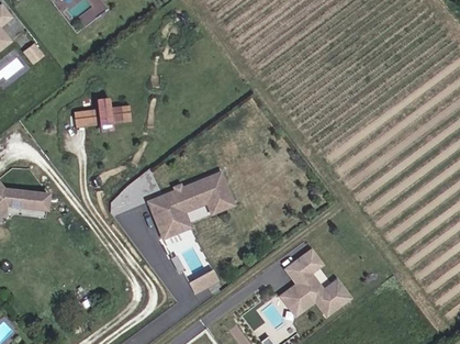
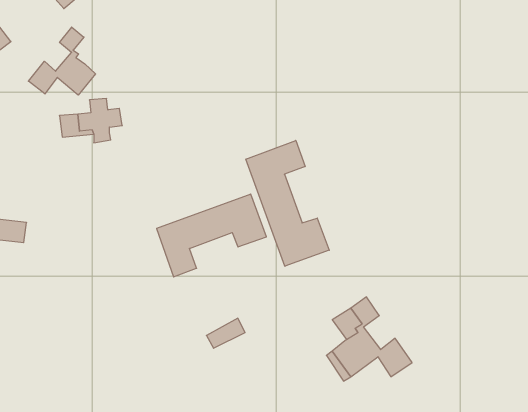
building: none -> [28,27,96,95]
building: none -> [246,140,329,266]

